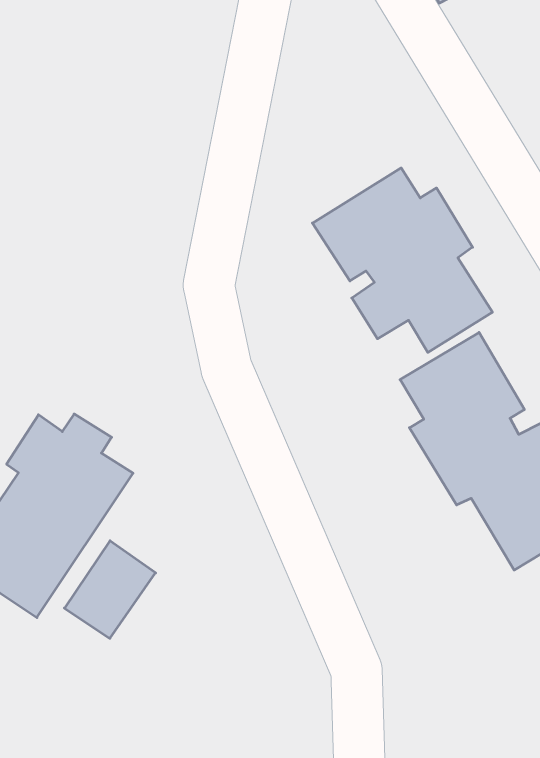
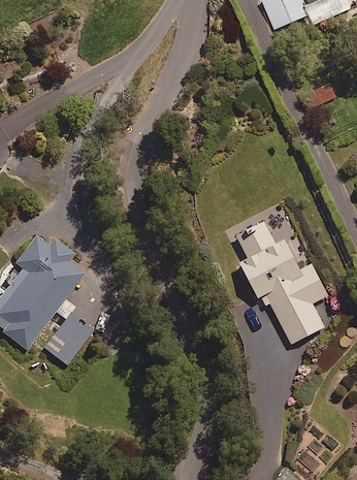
building: [312,168,492,352] -> none

